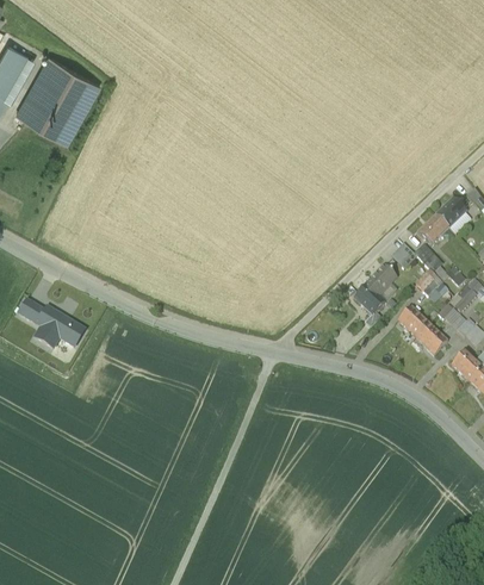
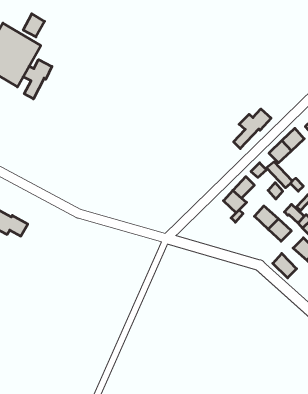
building: none -> [23,14,45,37]
building: none -> [23,60,52,99]
building: none -> [234,109,271,149]
building: none -> [273,253,297,278]

